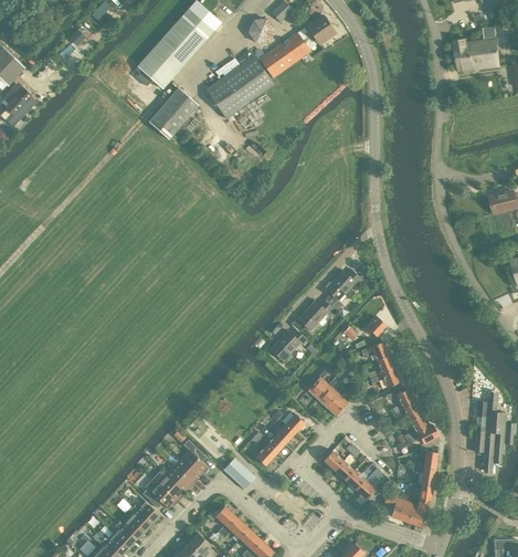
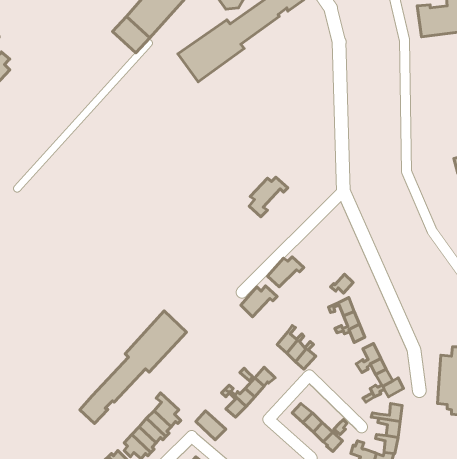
building: [148,87,198,139] -> none
building: [323,270,362,311] -> [249,177,288,217]
building: none -> [80,311,187,423]

